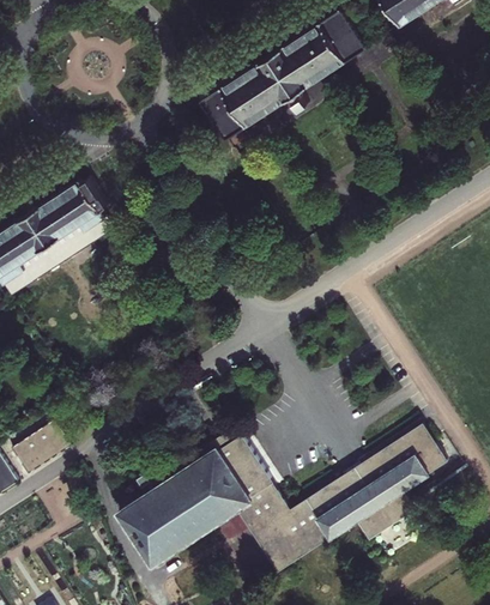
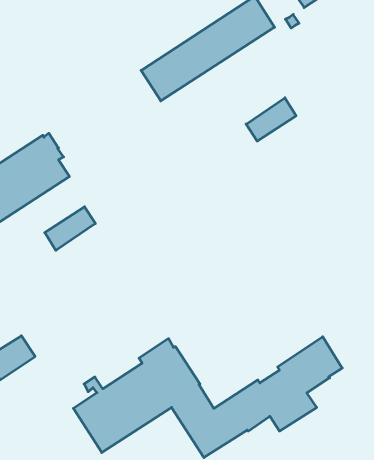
building: none -> [246,98,296,141]
building: none -> [45,207,95,250]

